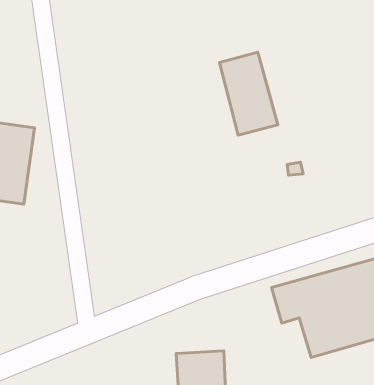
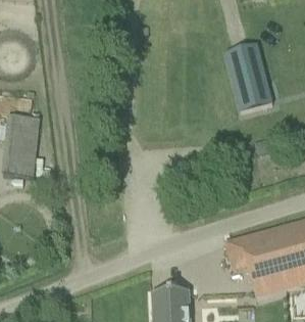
building: [220,52,278,135] -> [226,46,271,110]

